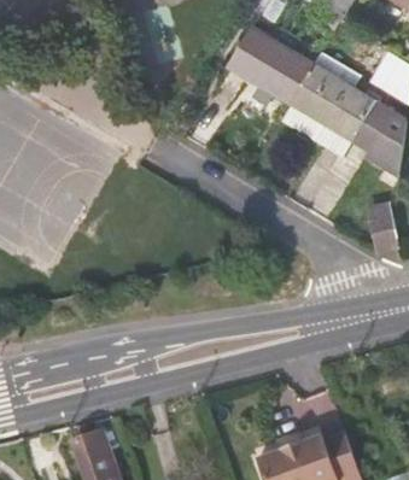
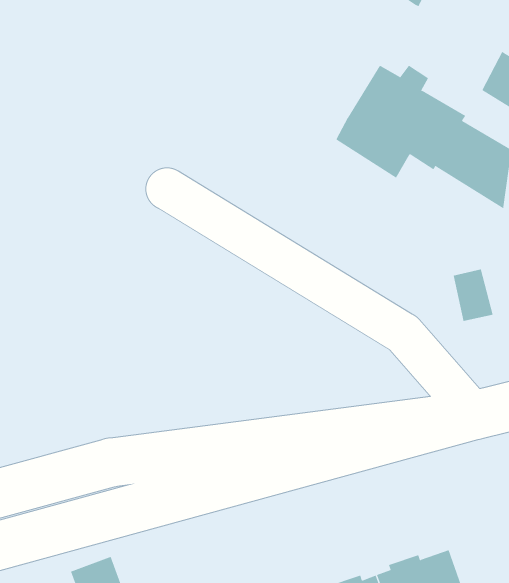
building: [224,36,309,111] -> none

